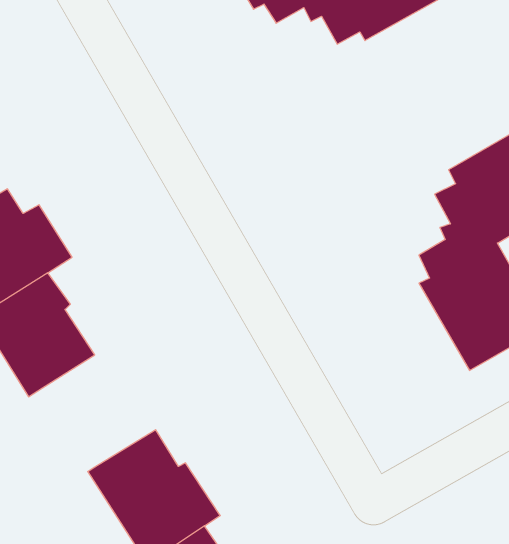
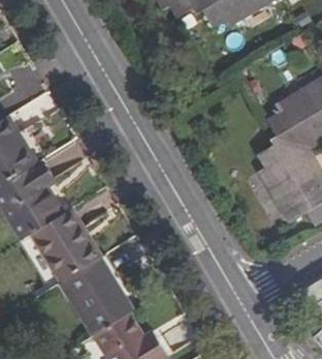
building: none -> [34,208,103,280]

